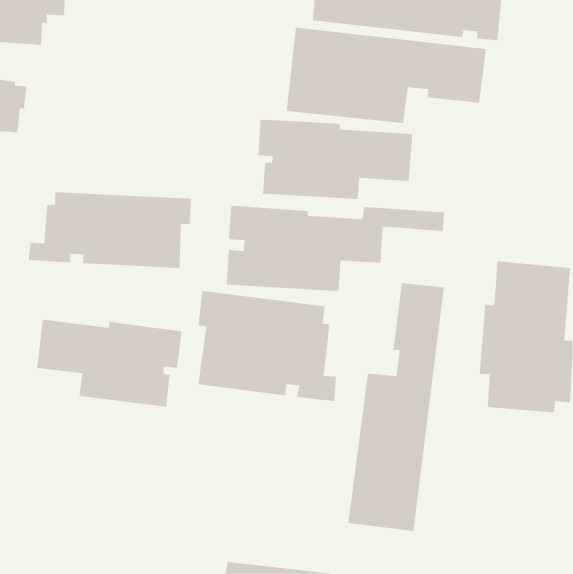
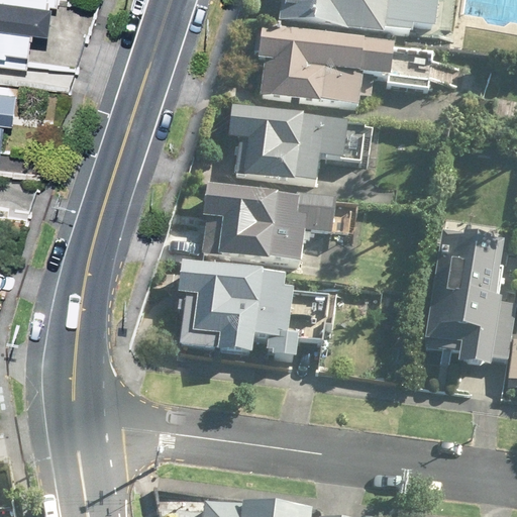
building: [28,191,192,269] -> none
building: [348,282,445,532] -> none
building: [37,319,182,408] -> none

